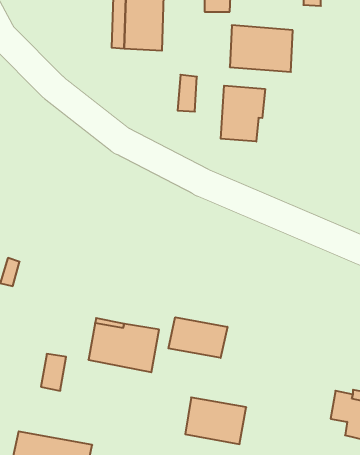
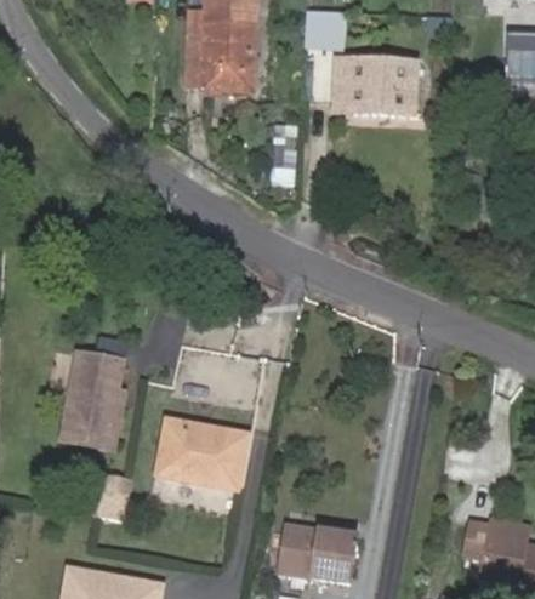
building: [221,86,265,142] -> none
building: none -> [64,355,125,451]
building: [168,317,227,358] -> none

